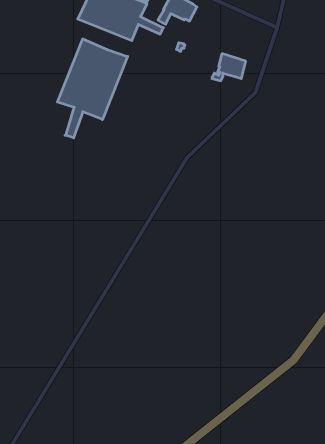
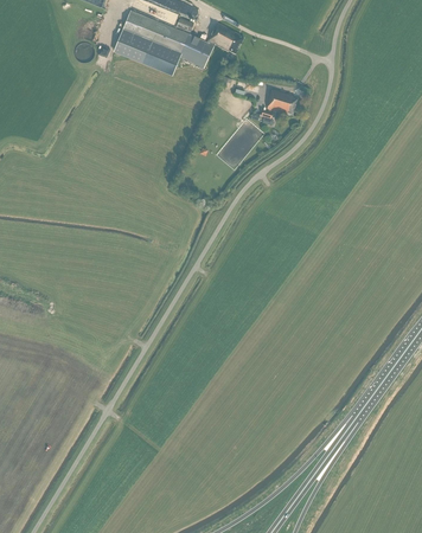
building: [57,39,128,138] -> none

